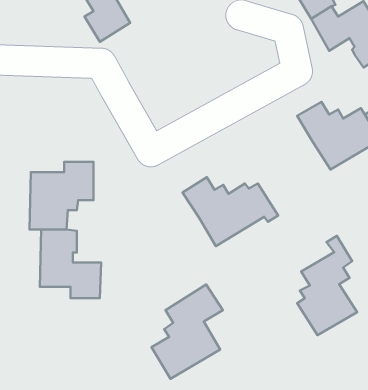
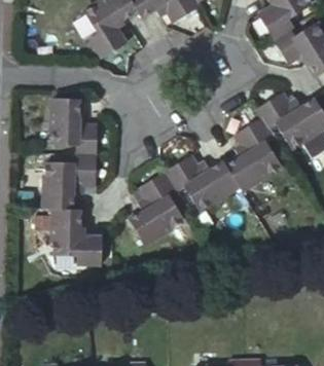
building: none -> [50,98,96,153]
building: [297,236,357,335] -> [228,116,277,196]
building: [151,285,223,379] -> [123,178,181,254]

